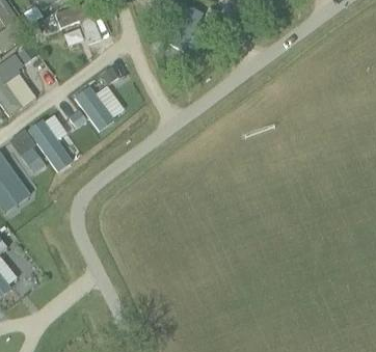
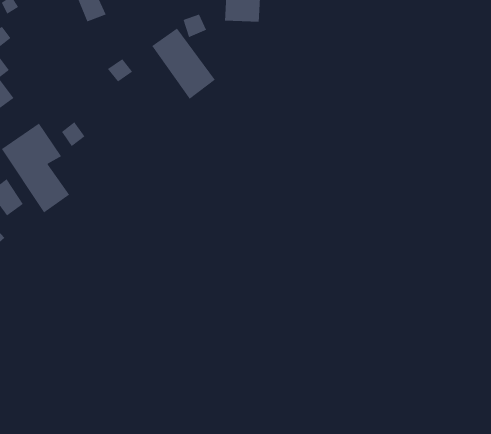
building: [73,83,116,132] -> [151,27,216,100]

